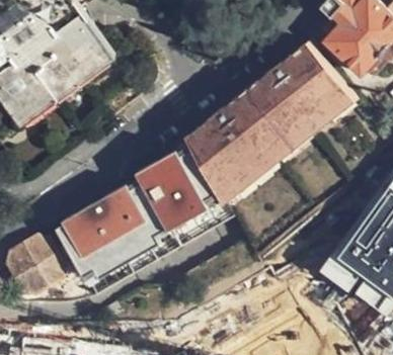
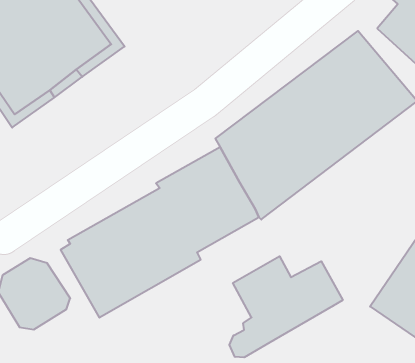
building: none -> [229,256,343,357]

